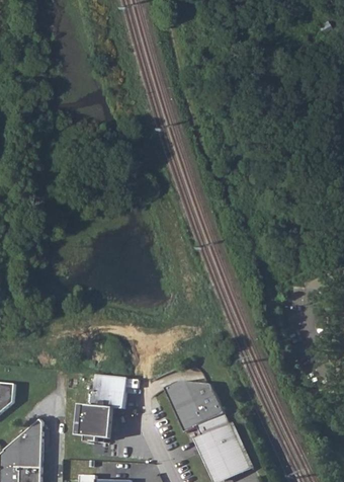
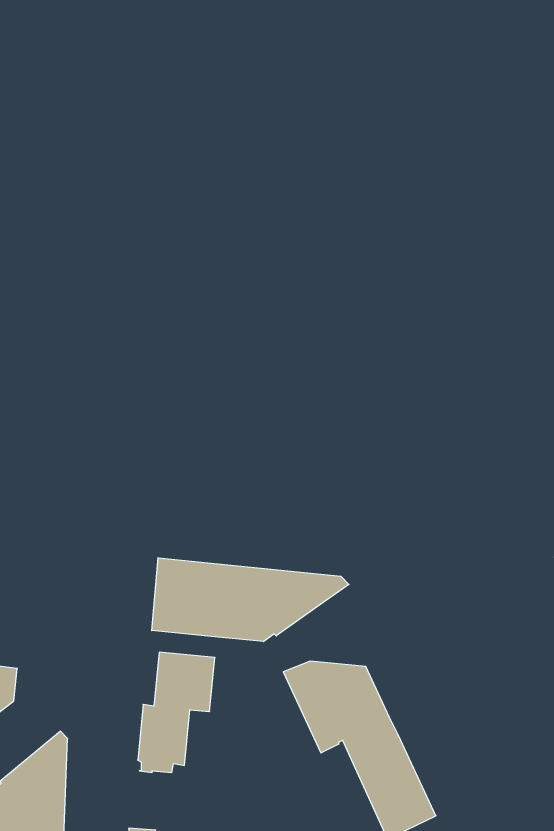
building: none -> [152,558,349,642]

